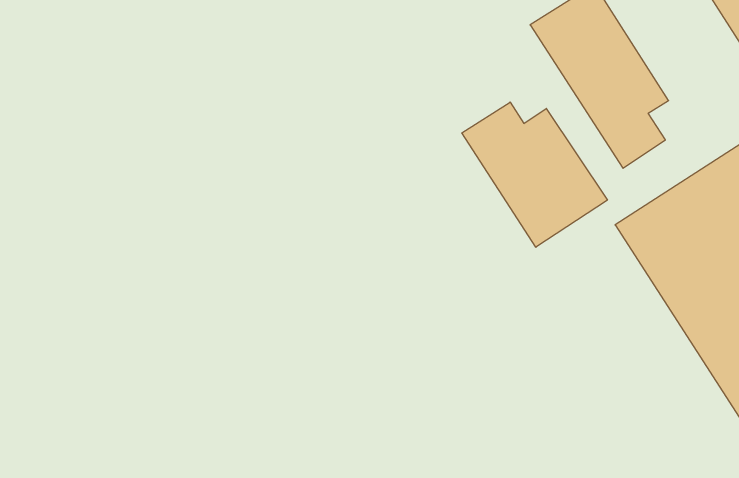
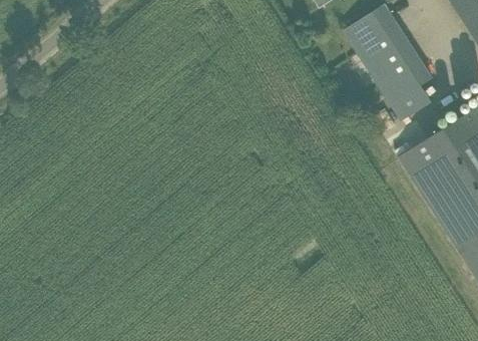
building: [462,102,607,247] -> none

